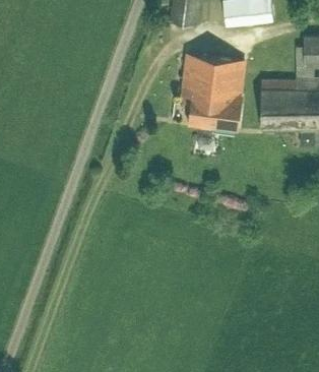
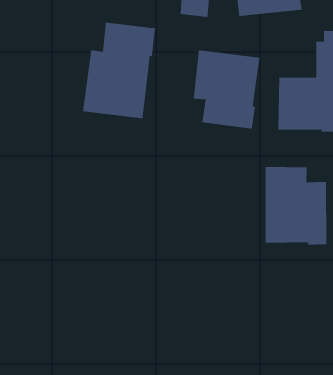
building: none -> [83,22,155,119]
building: none -> [265,166,327,246]

